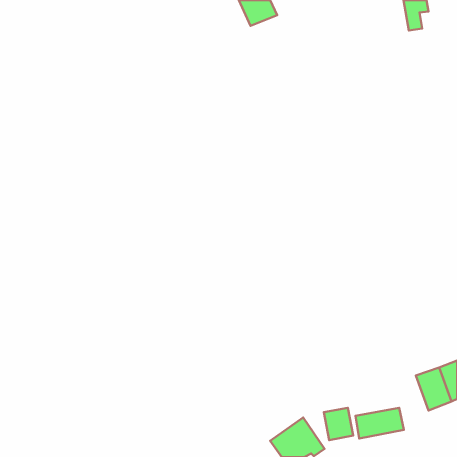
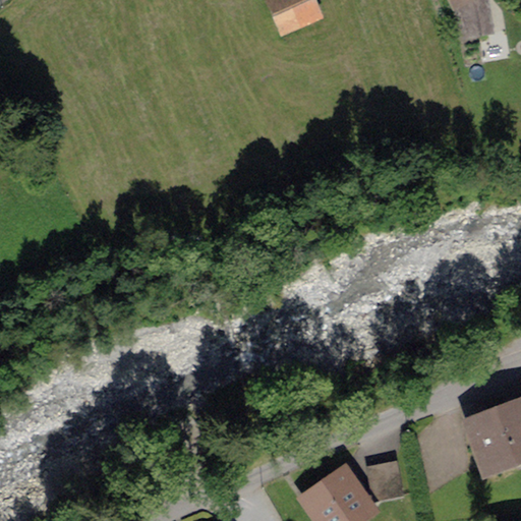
building: [356,408,404,438] -> none

